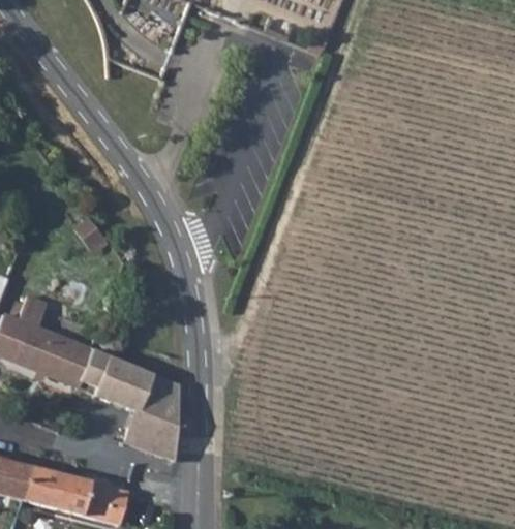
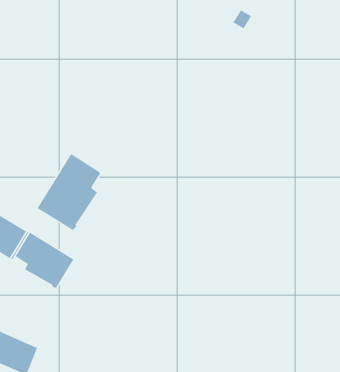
building: none -> [37,153,101,231]
building: [128,374,181,460] -> none

